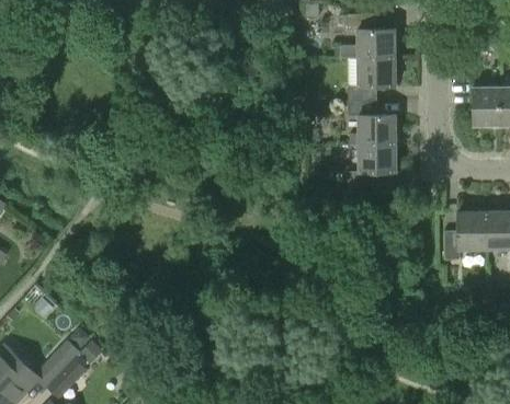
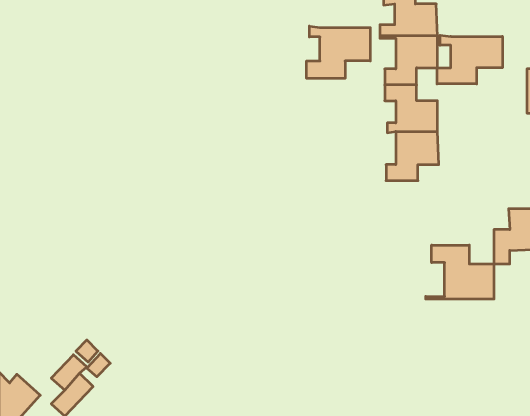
building: none -> [307,26,370,78]
building: none -> [437,35,502,84]
building: none -> [426,245,494,299]

